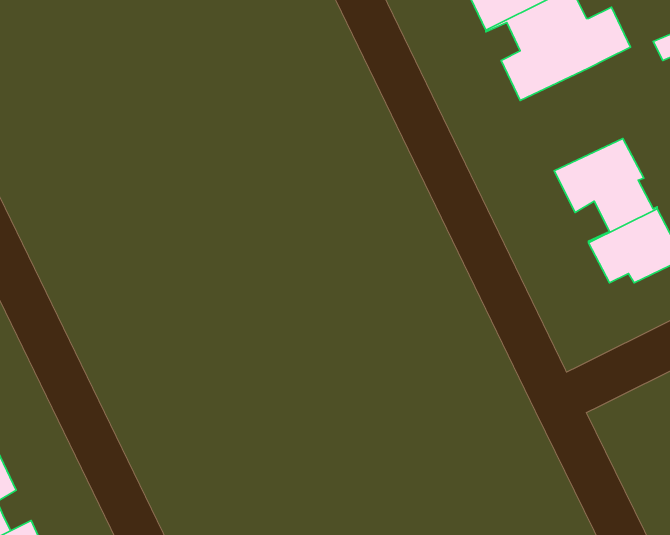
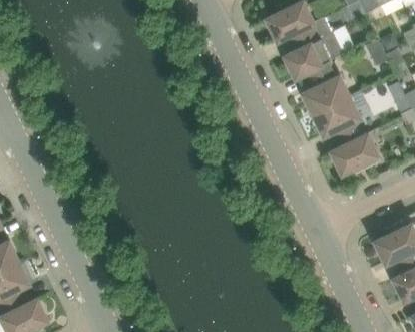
building: none -> [295,59,349,113]

